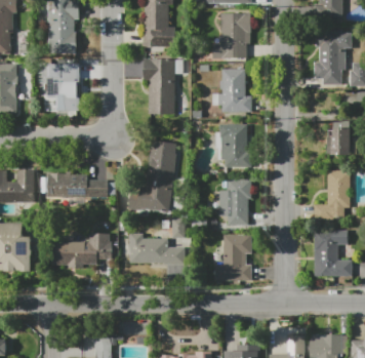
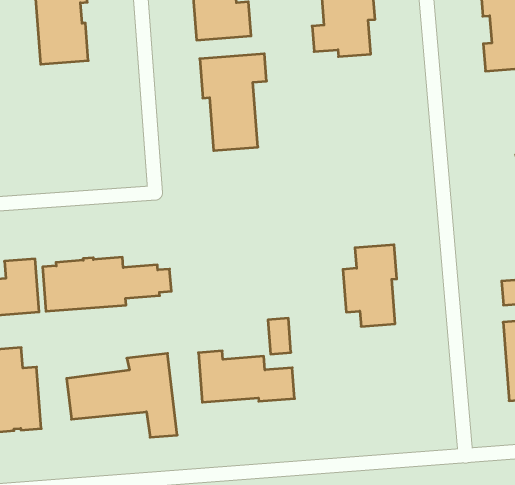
building: [48,64,79,110] -> none
building: [212,69,251,112] -> none
building: [215,124,251,168] -> none
building: [129,142,177,212] -> none
building: [212,236,251,281] -> none

